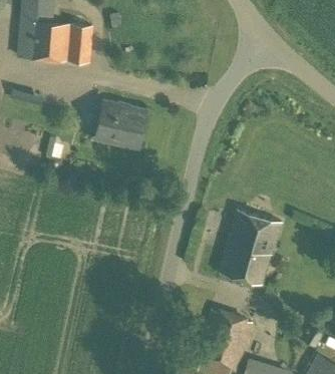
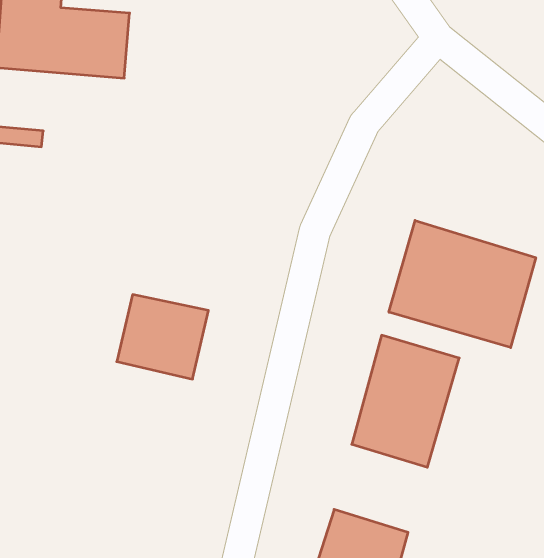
building: [95,101,147,149] -> [117,295,208,379]
building: none -> [389,220,536,348]

